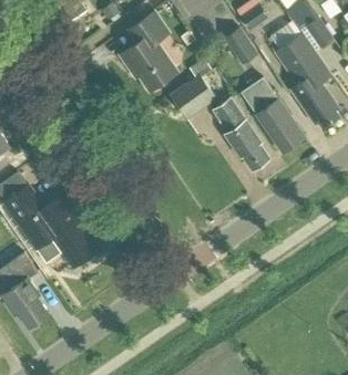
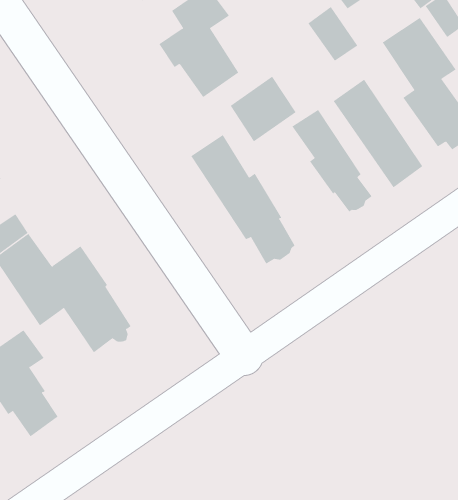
building: none -> [190,134,295,264]

